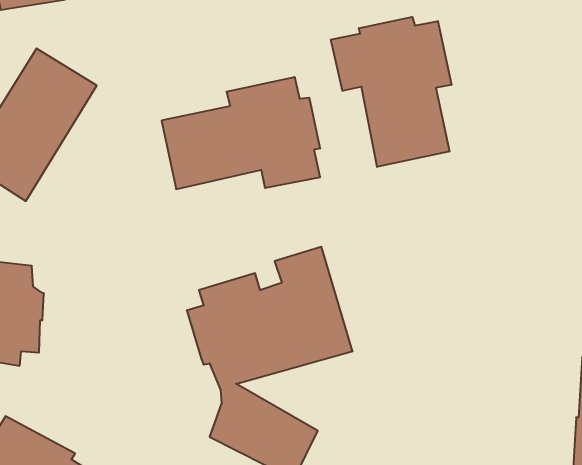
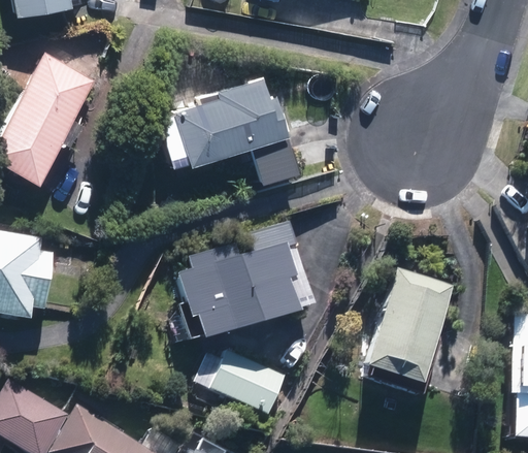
building: [331,17,451,167] -> none
building: none -> [364,271,454,388]

